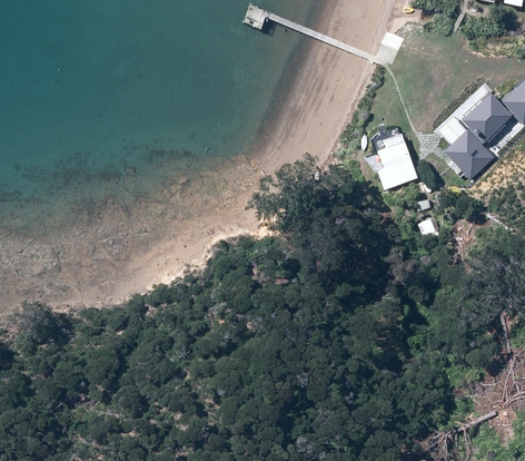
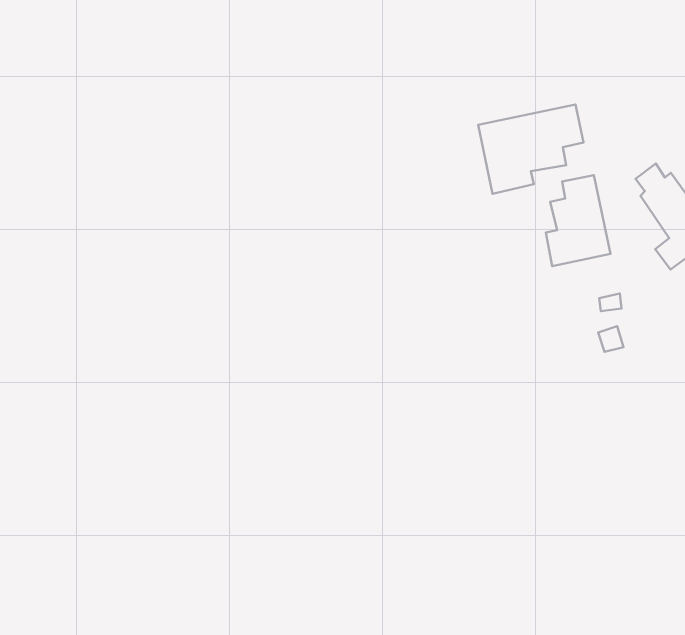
building: none -> [478,105,583,194]

